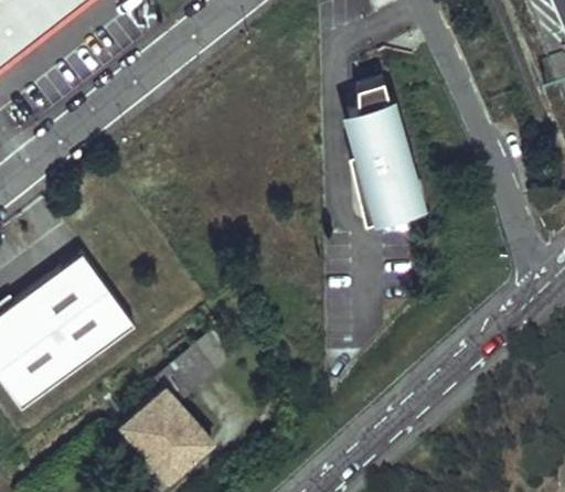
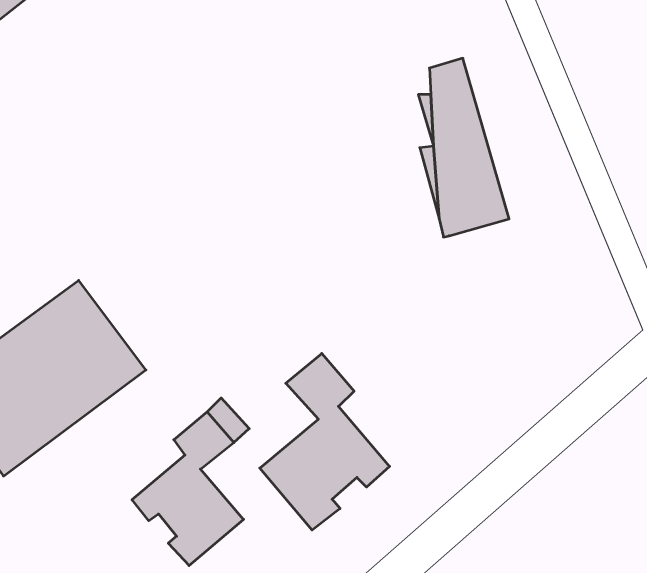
building: none -> [260,353,390,530]

